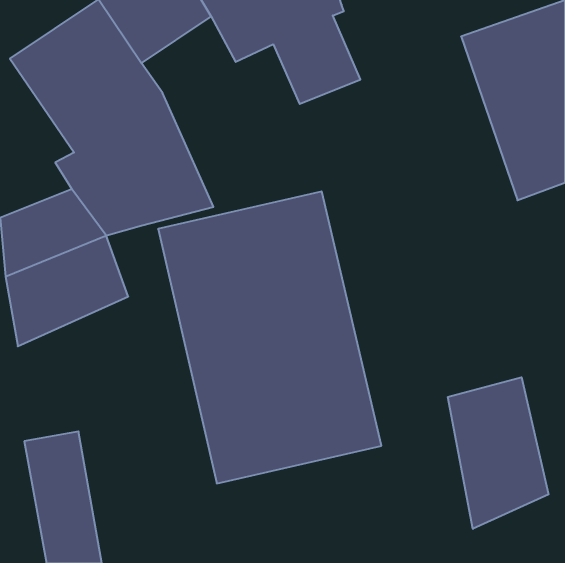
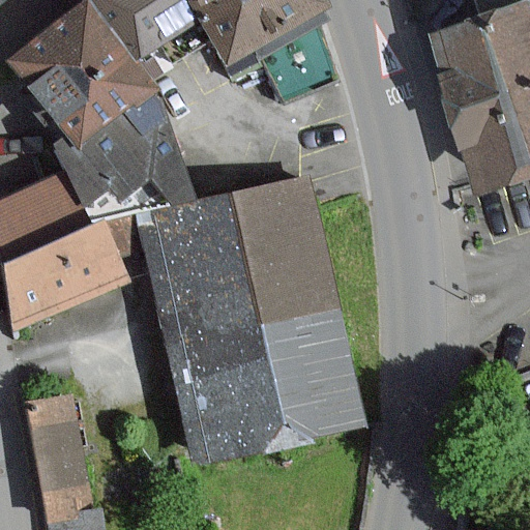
building: [448,377,549,529] -> none

